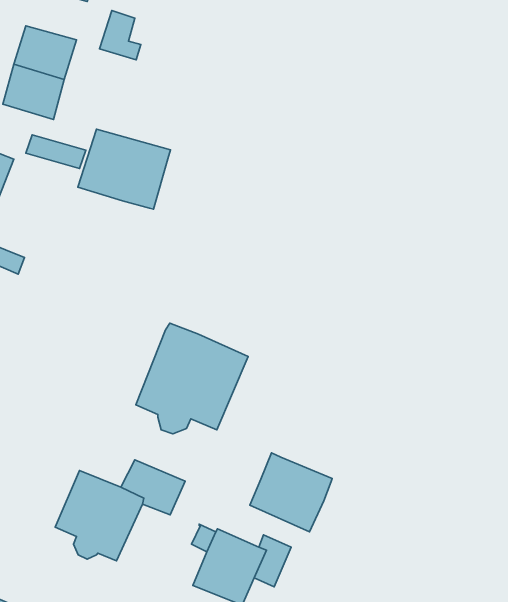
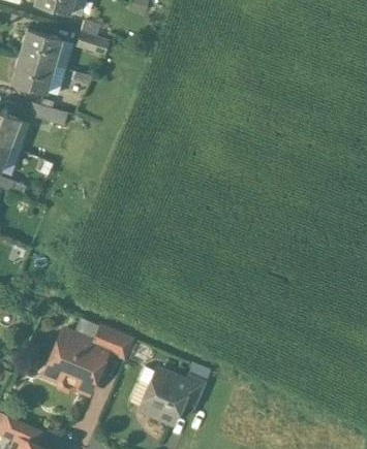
building: [78,129,171,209] -> none
building: [136,323,248,434] -> none
building: [250,453,332,532] -> none

